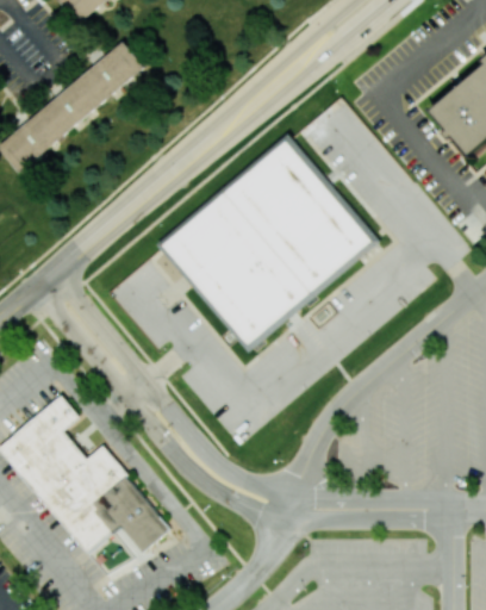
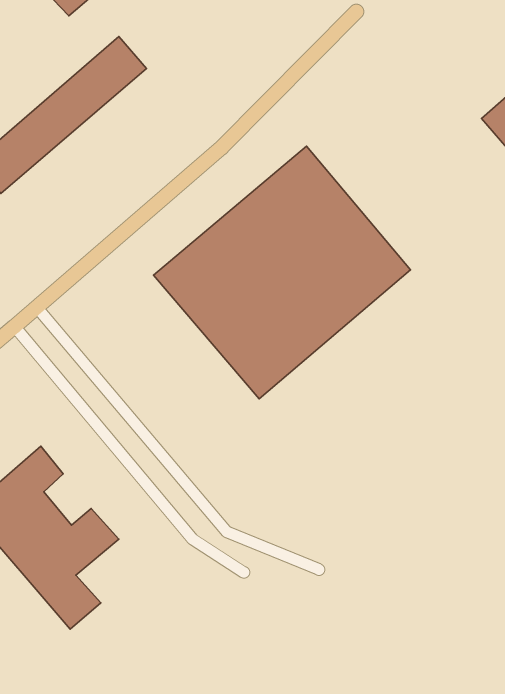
building: [88,471,172,555] -> none

